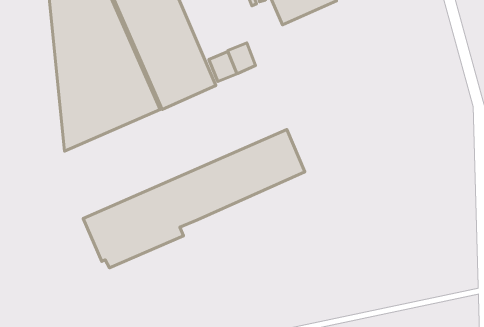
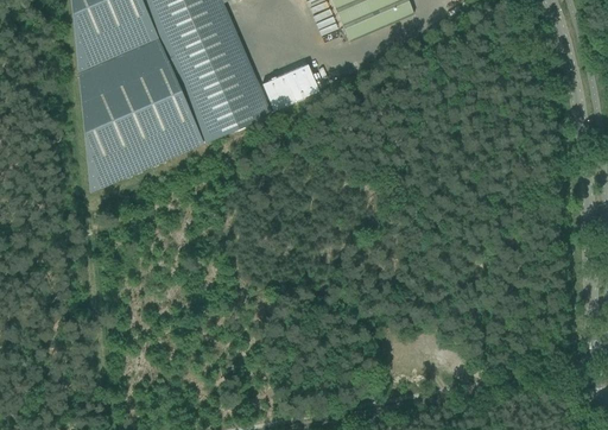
building: [83,129,305,268] -> none

